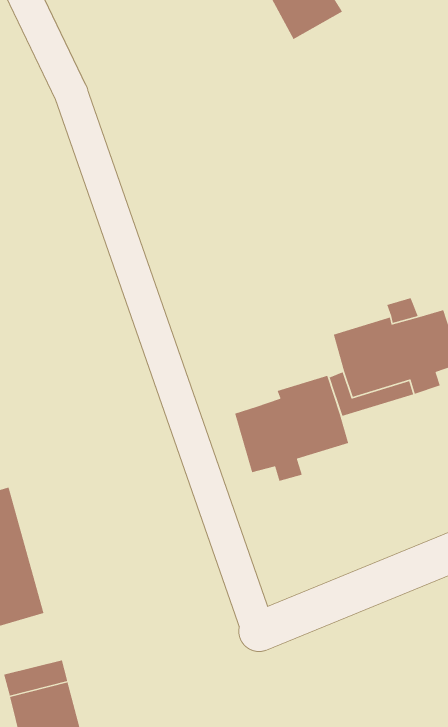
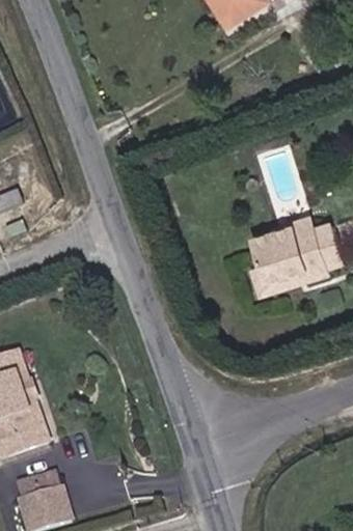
building: [234,375,349,482] -> none

